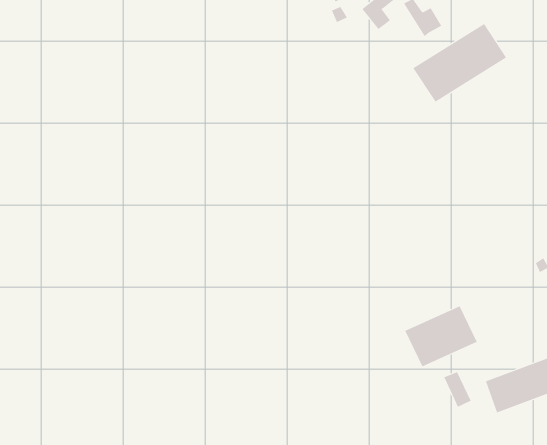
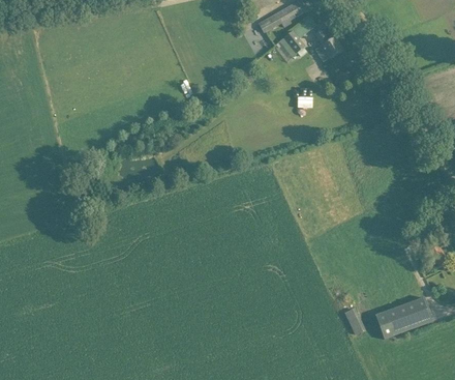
building: [412,23,507,103] -> none
building: [405,305,477,367] -> none

